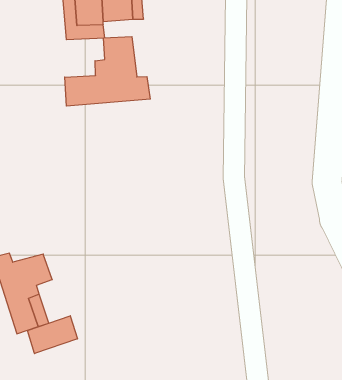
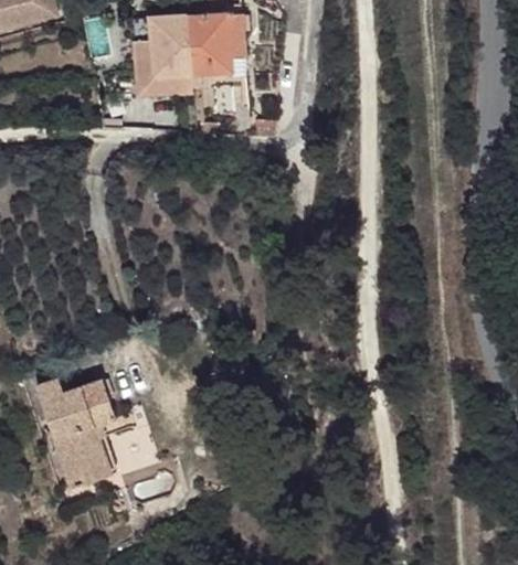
building: [65,37,150,106] -> none
building: [27,316,77,354] -> none

